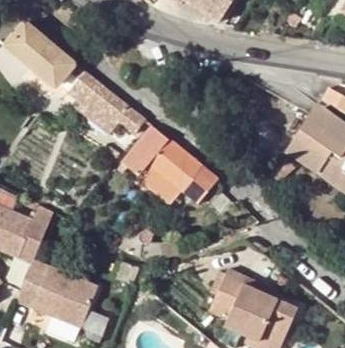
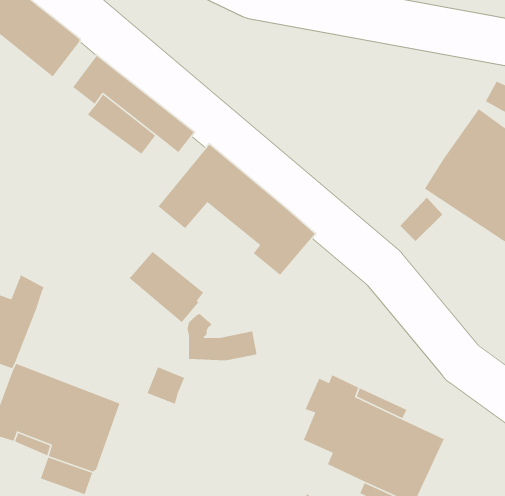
building: [137,162,184,207] -> [128,251,204,323]

